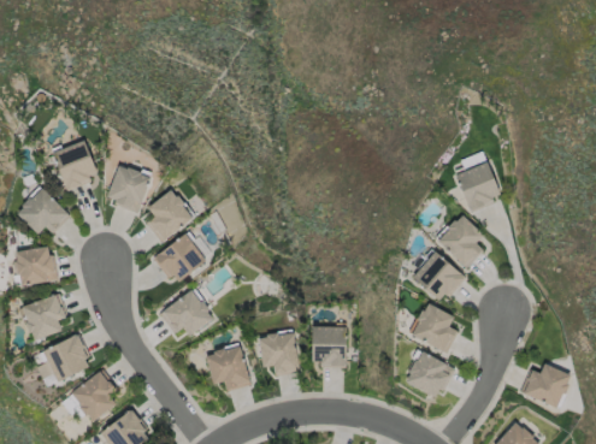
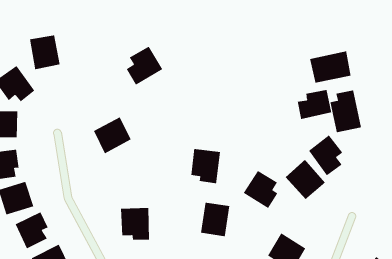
building: none -> [310,51,351,83]
building: none -> [297,89,332,120]
building: [107,164,151,209] -> none
building: [147,189,195,243] -> [126,46,163,85]
building: [161,288,214,341] -> none
building: [412,303,458,351] -> [243,170,278,209]
building: [260,332,297,374] -> [190,149,221,184]

